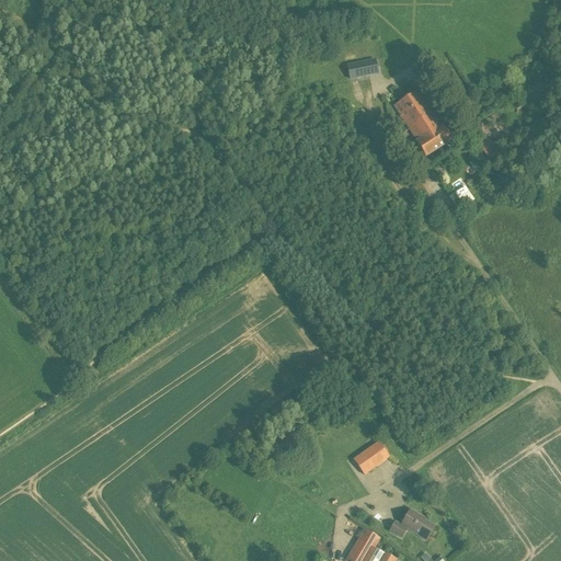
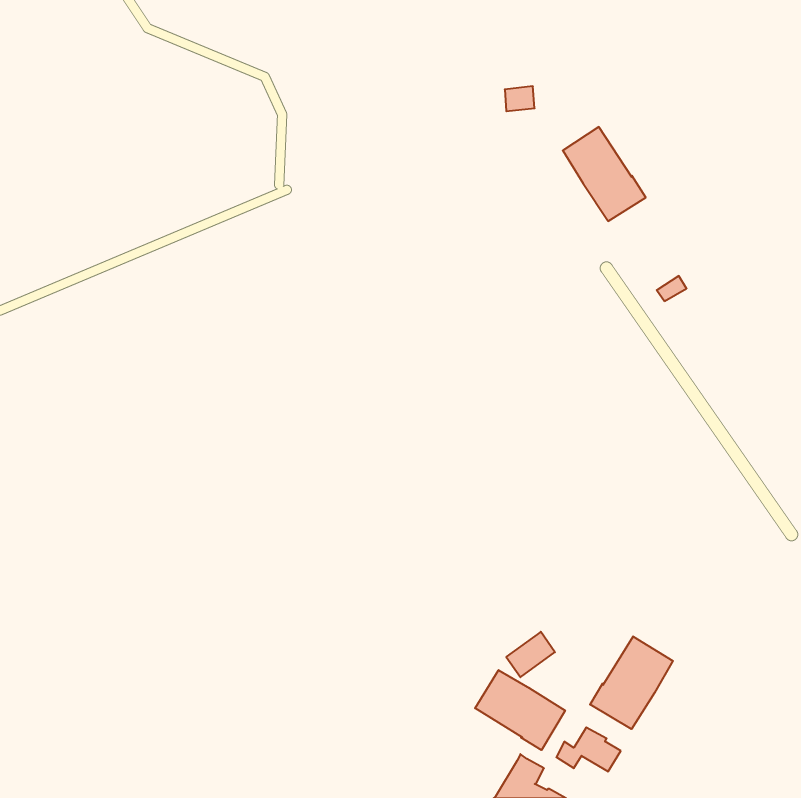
building: none -> [590,636,673,729]
building: none -> [475,670,565,750]

